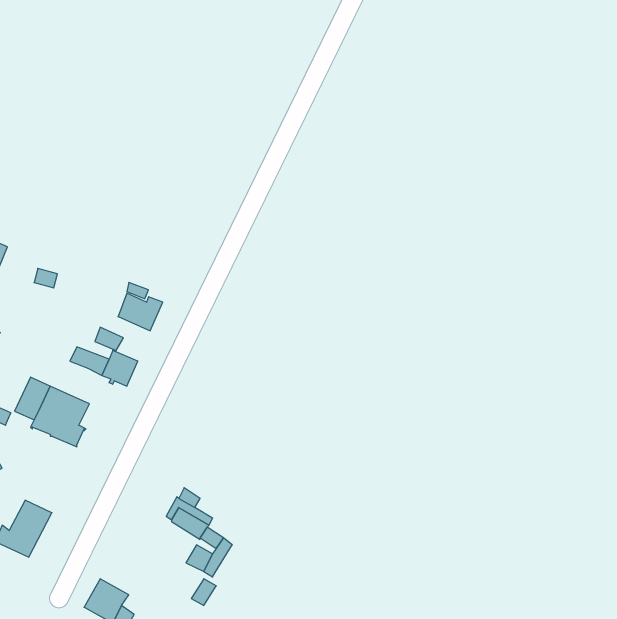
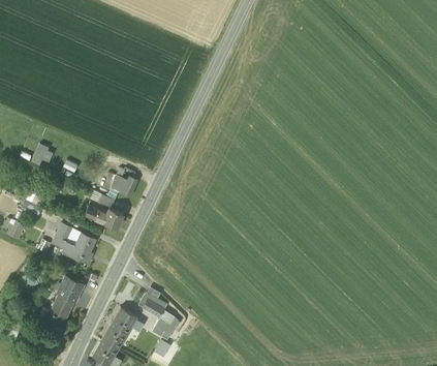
building: none -> [57,276,83,302]
building: none -> [101,308,136,349]

